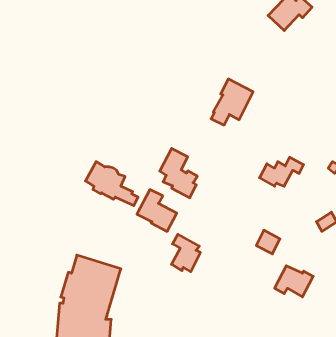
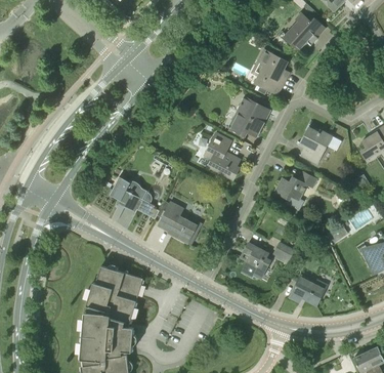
building: none -> [254,49,288,91]
building: none -> [299,126,340,163]
building: [160,148,197,198] -> [204,132,240,179]
building: [171,234,200,272] -> [242,242,269,278]

